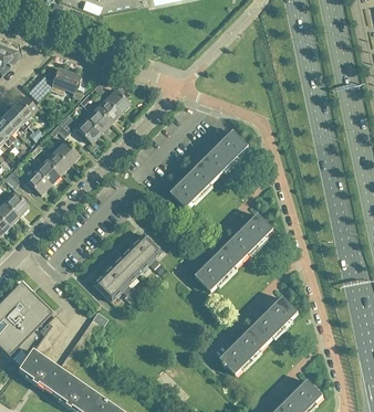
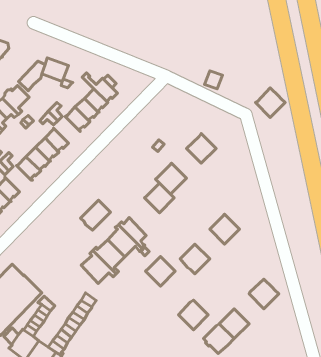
building: [217,129,248,160] -> [255,88,285,117]
building: [186,160,217,191] -> [145,183,174,213]
building: [241,212,272,244] -> none
building: none -> [81,200,110,230]
building: [210,244,241,275] -> [146,256,175,286]
building: [251,311,282,342] -> [179,300,208,330]

